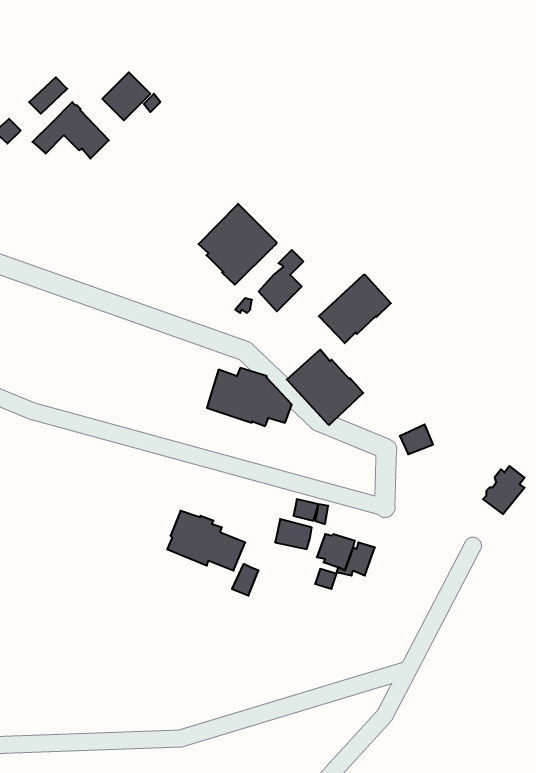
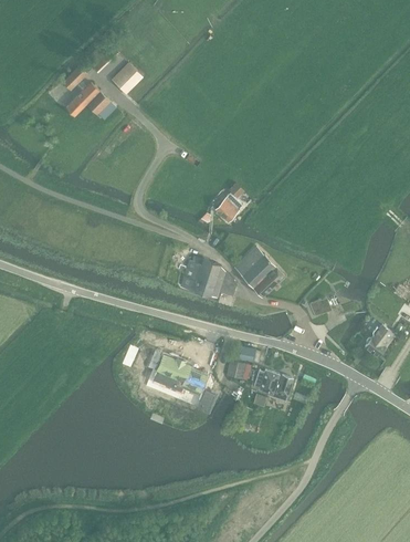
building: [198,204,277,285] -> none
building: [319,275,391,343] -> none

